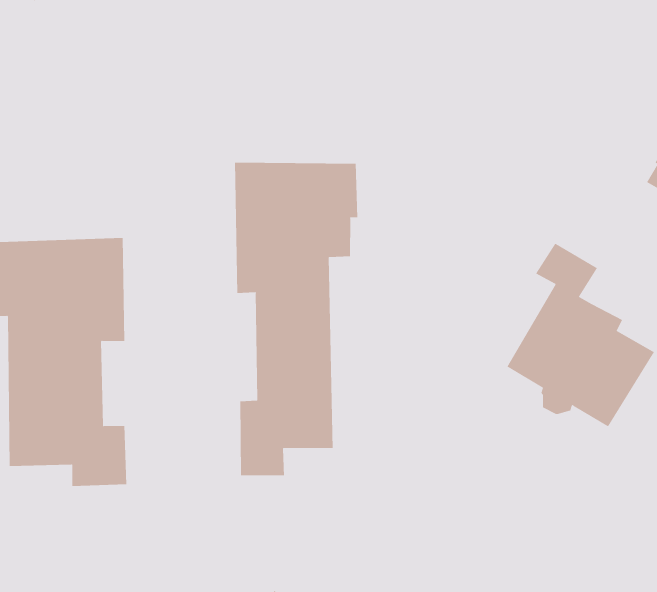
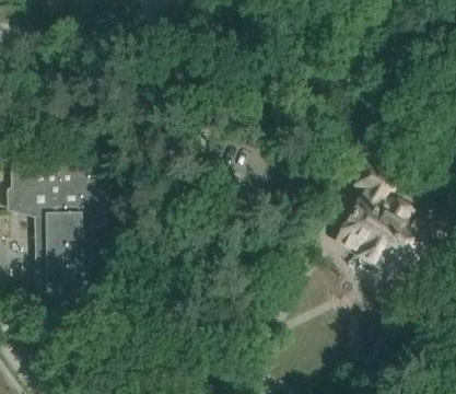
building: [235,162,358,476] -> none

